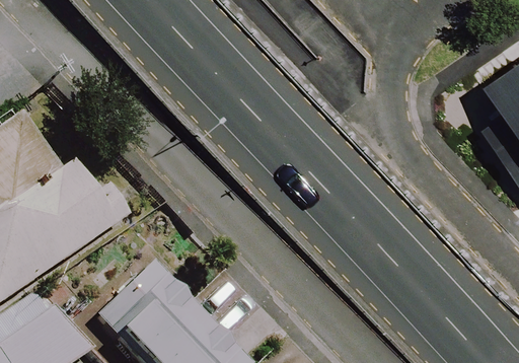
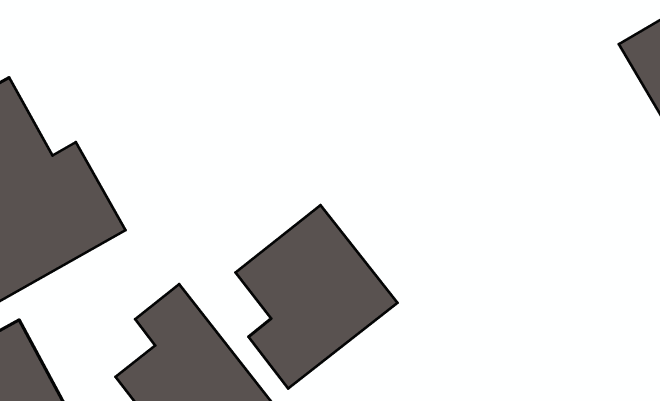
building: none -> [235,205,397,388]

